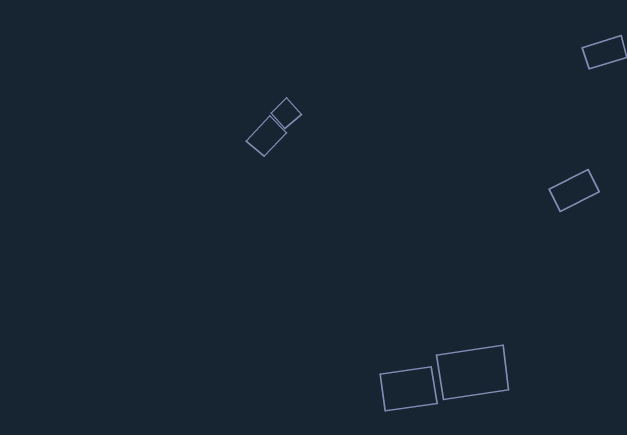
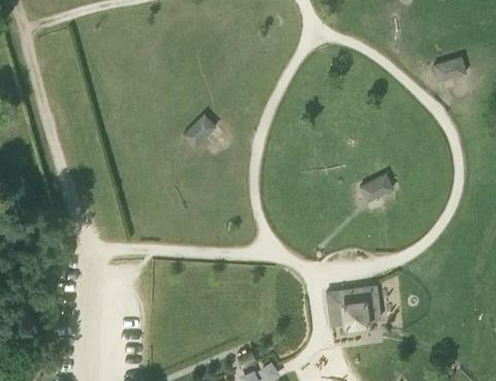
building: [549,170,599,211] -> [361,171,398,202]
building: [380,367,437,411] -> none

